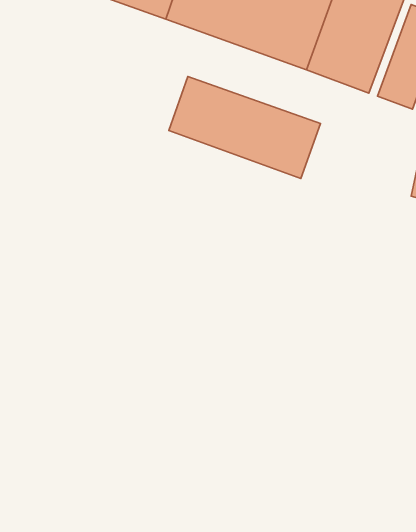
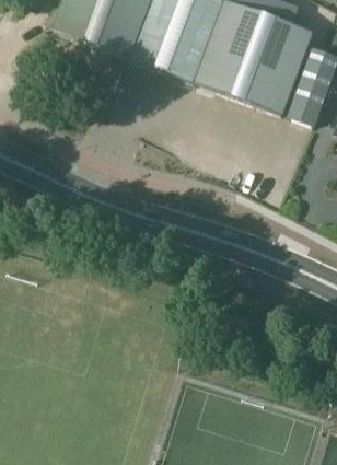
building: [169,76,321,178] -> none

